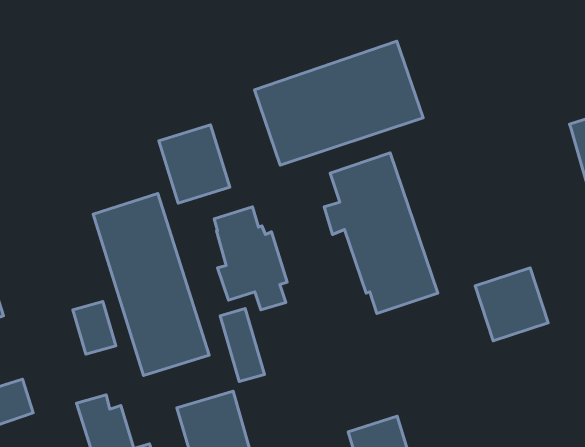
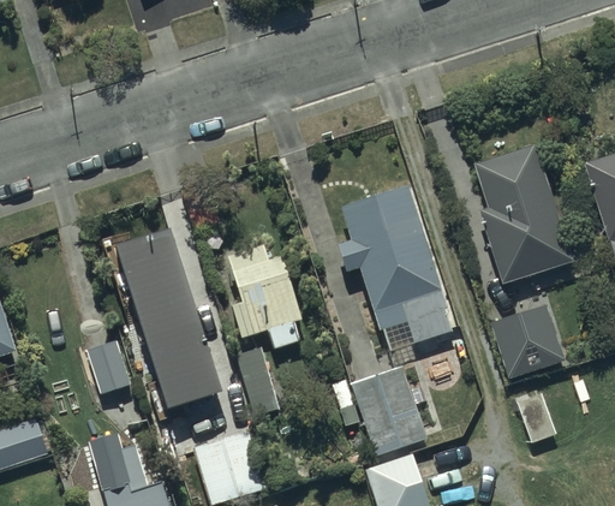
building: [255,41,423,165] -> none
building: none -> [474,145,574,284]
building: [159,125,230,203] -> none
building: none -> [353,367,426,454]

